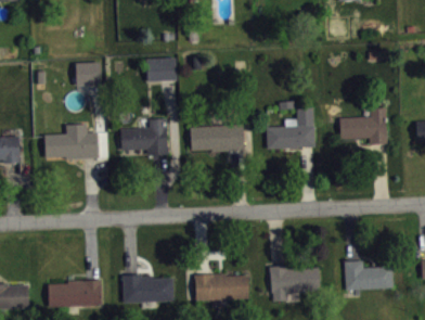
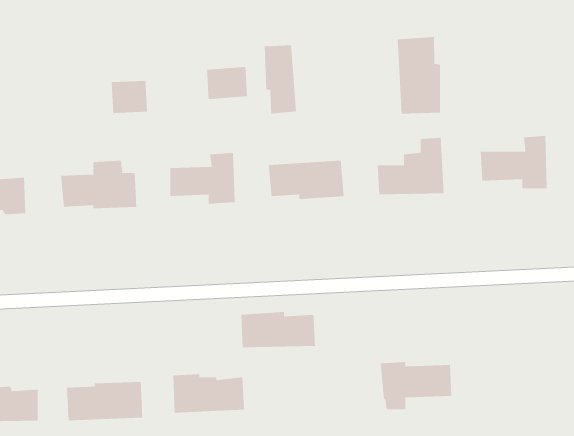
building: none -> [397,36,441,114]
building: none -> [264,44,297,114]
building: [344,260,394,291] -> none
building: [195,273,248,299] -> [240,311,316,348]

